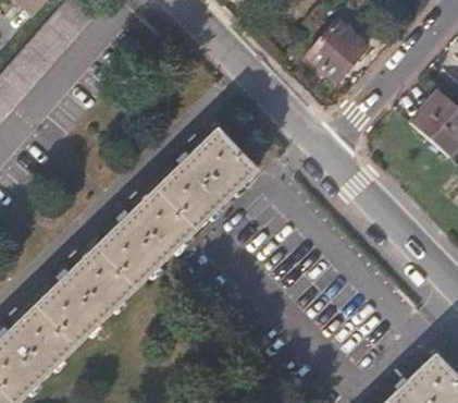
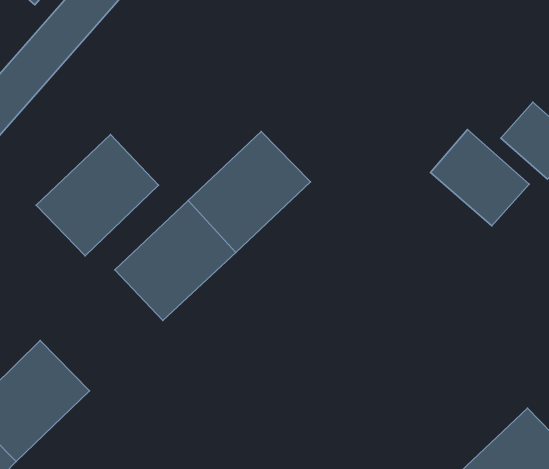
building: [311,28,372,89] -> none
building: none -> [430,130,529,226]
building: [39,236,139,335] -> [36,135,159,256]

